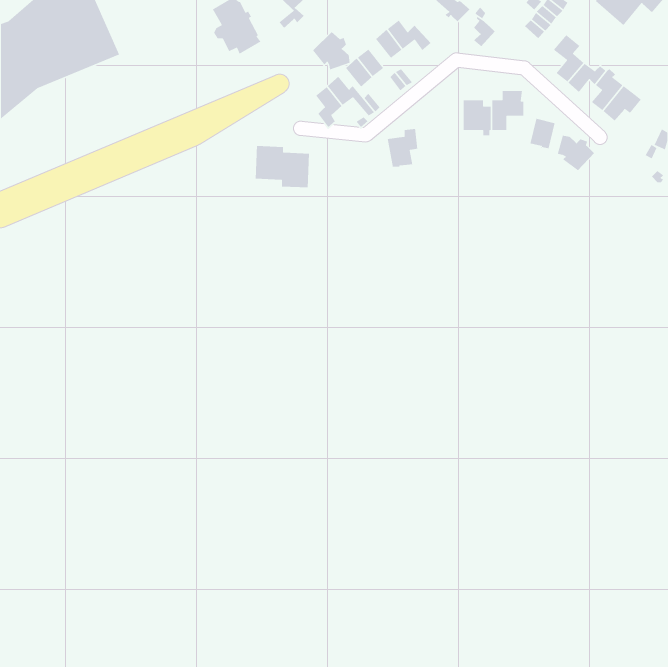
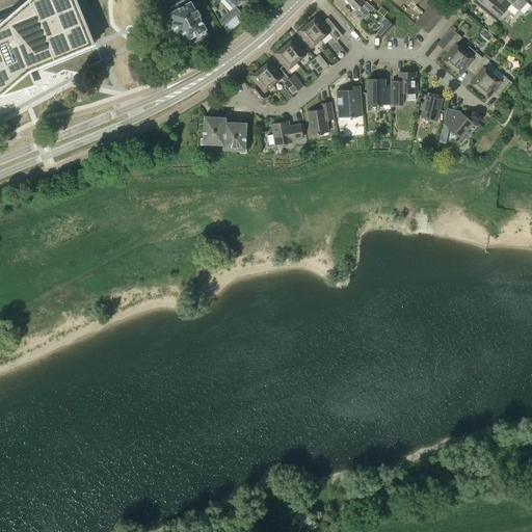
building: [312,31,351,70] -> none
building: none -> [336,85,362,116]
building: none -> [267,121,302,144]

